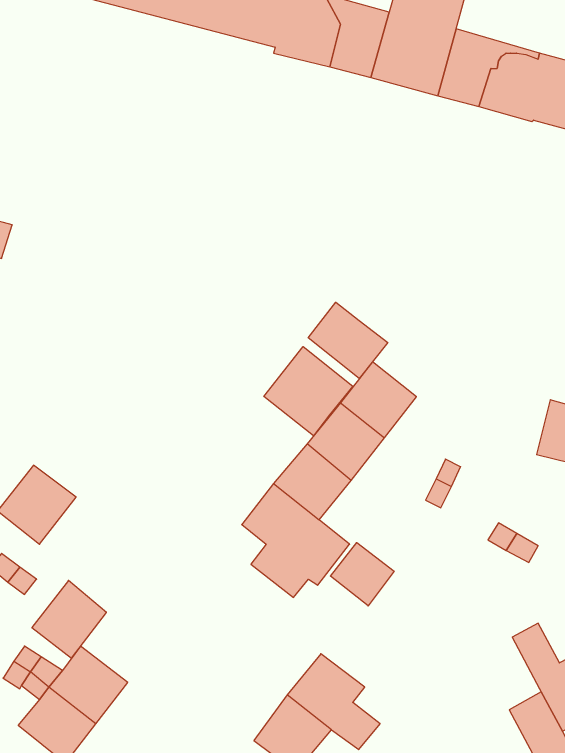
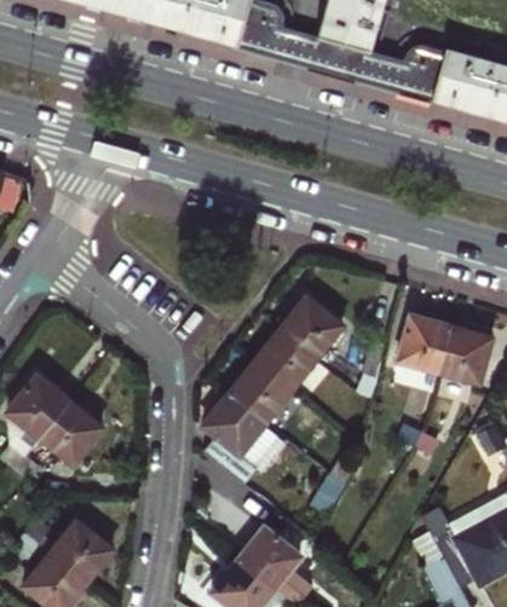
building: [308,302,388,379] -> none
building: [264,347,353,436] -> none
building: none -> [399,314,449,368]
building: [330,543,394,606] -> none
building: [32,580,106,658] -> [42,401,102,463]

